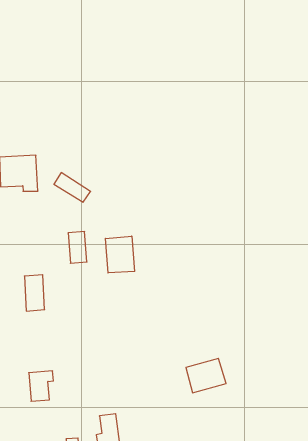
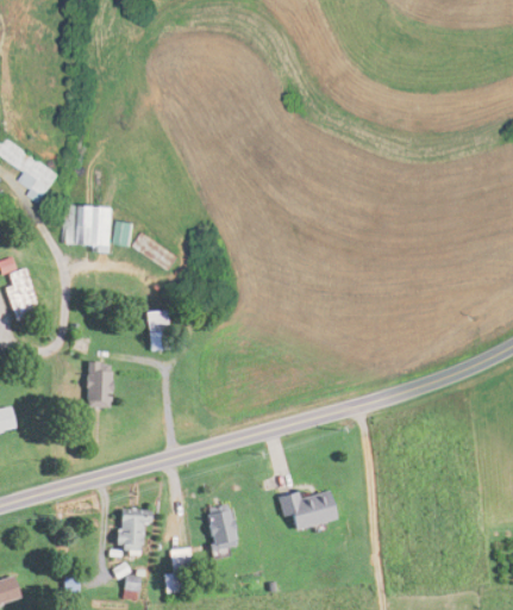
building: [105,236,135,273] -> none
building: [29,371,53,401] -> [117,511,148,548]
building: none -> [206,509,232,549]

